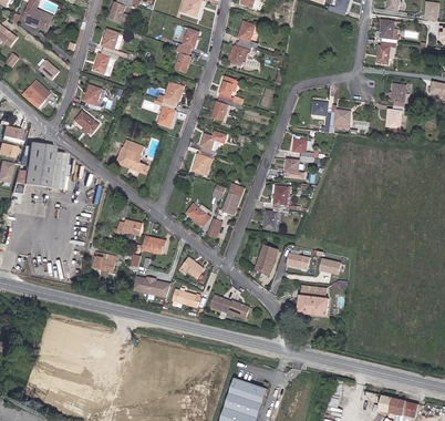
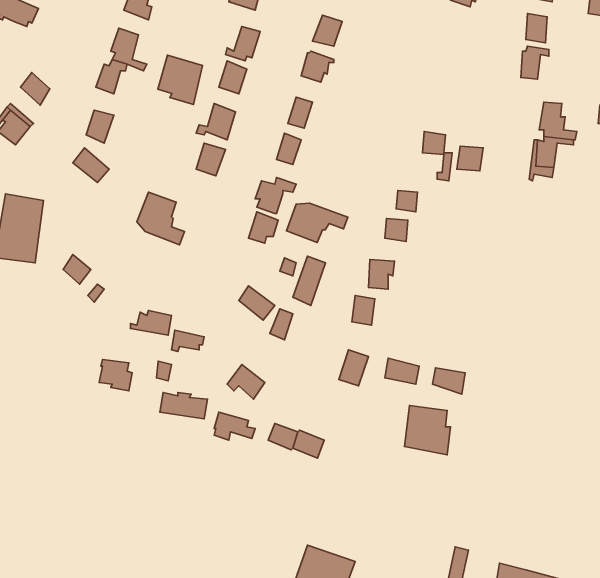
building: none -> [158,55,202,105]
building: none -> [287,203,348,243]

